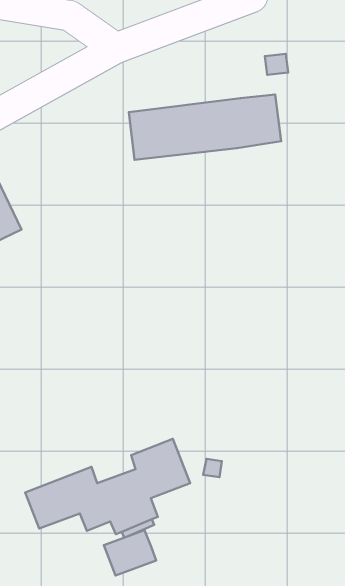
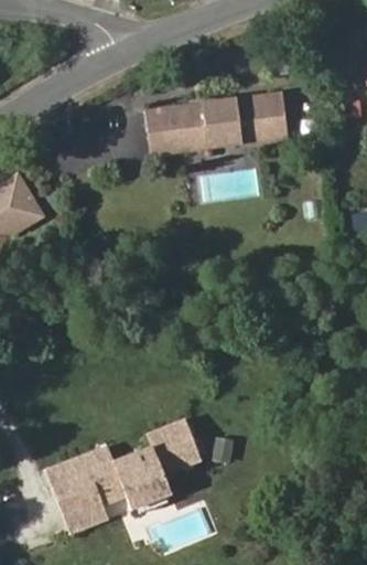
building: [104,530,156,576] -> [60,489,109,532]

